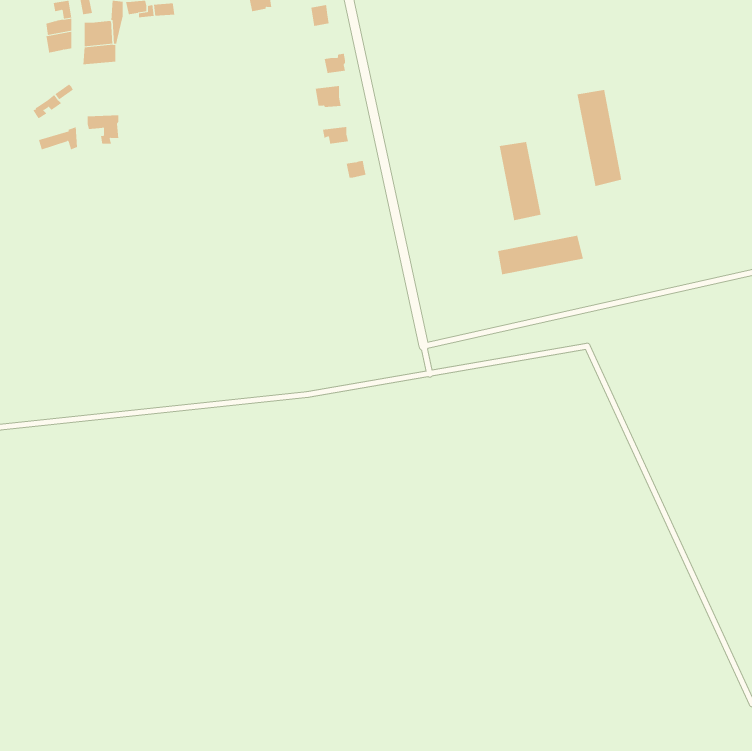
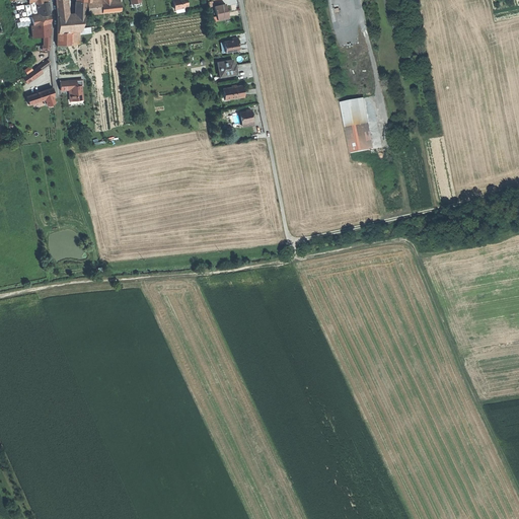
building: [577,89,622,187] -> none
building: [497,235,583,275] -> none

